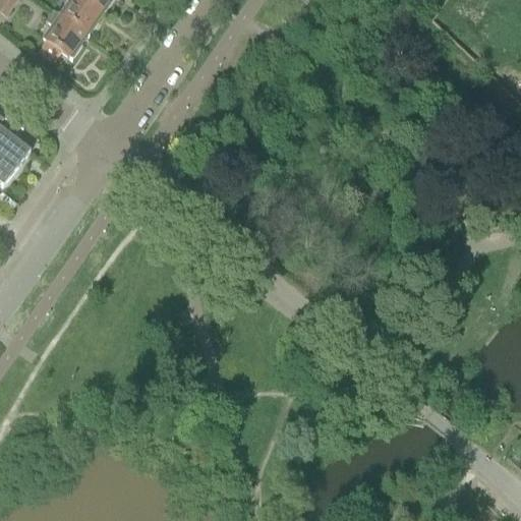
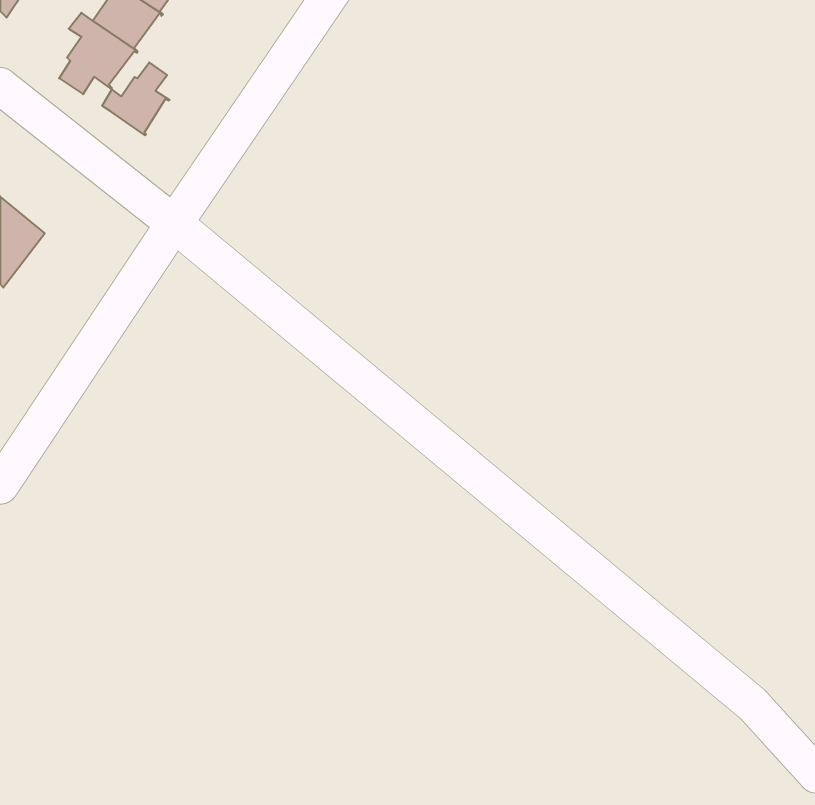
building: none -> [102,62,170,135]

